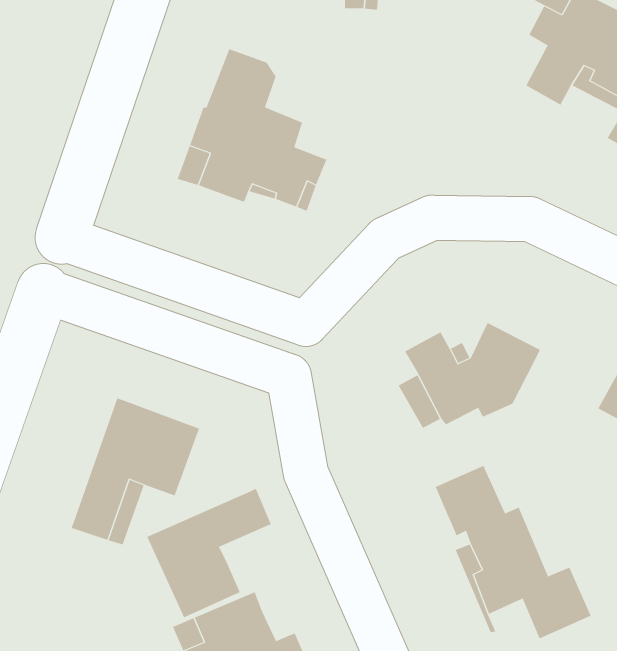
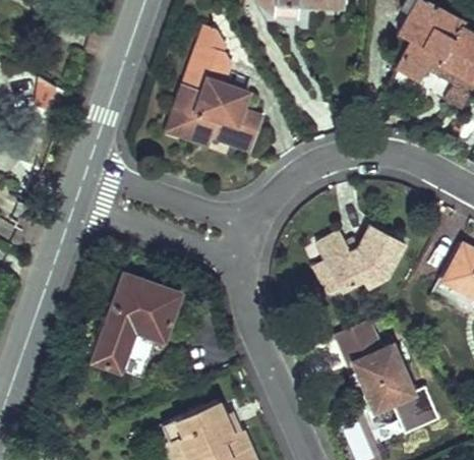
building: [146,488,271,618] -> none

